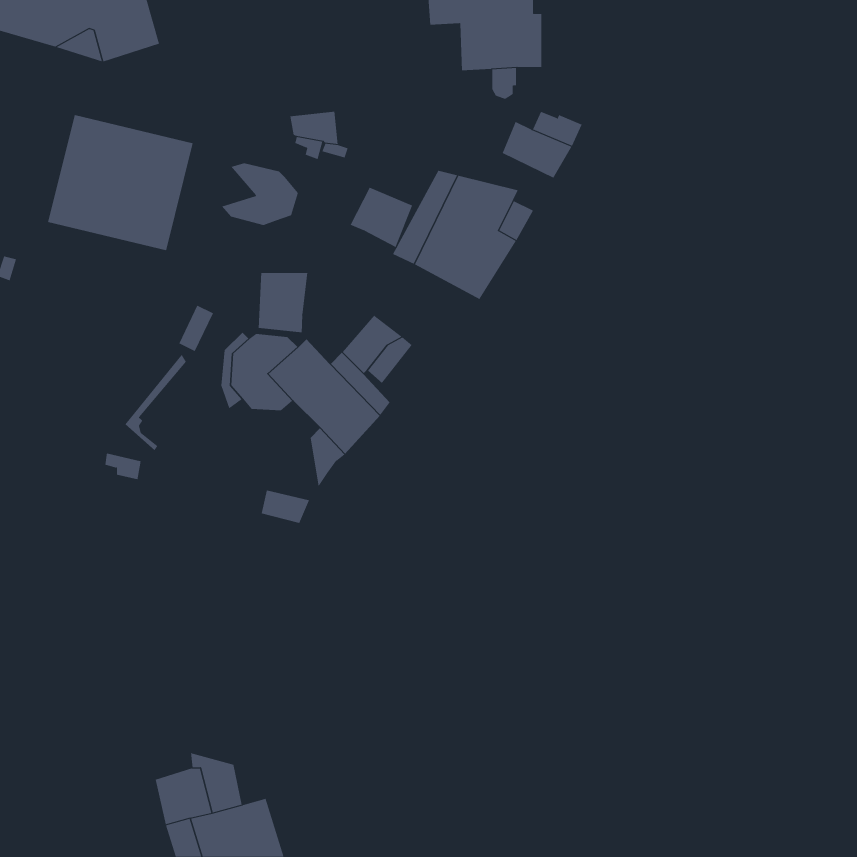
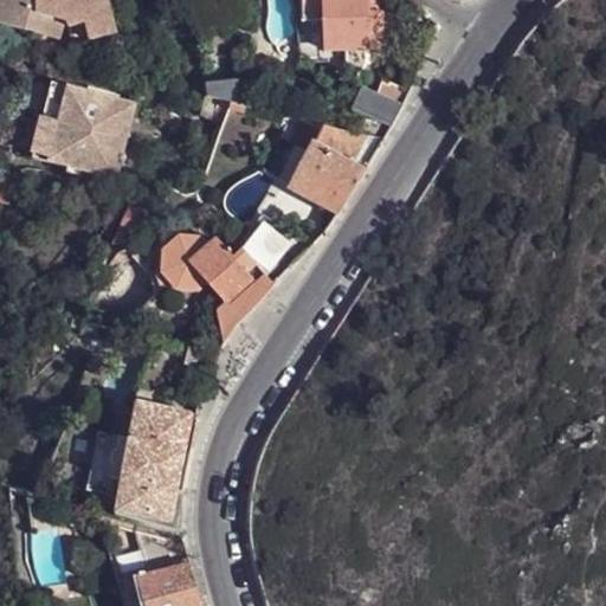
building: [221,163,298,226] -> none
building: [350,187,413,248] -> none
building: [258,272,308,333] -> none
building: none -> [89,402,192,536]

